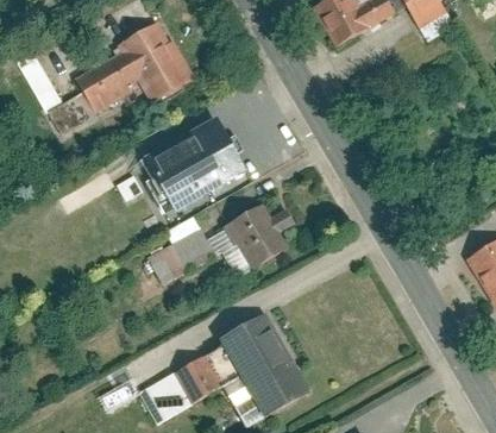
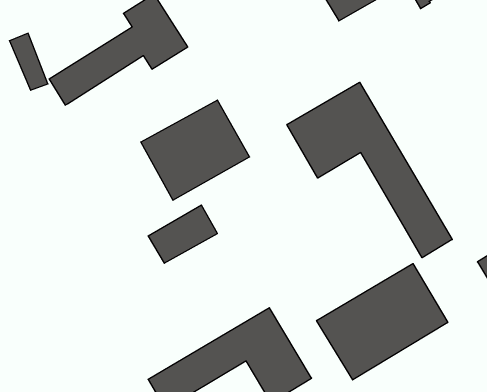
building: none -> [287,82,452,258]
building: [234,201,288,262] -> none
building: none -> [317,264,448,380]

